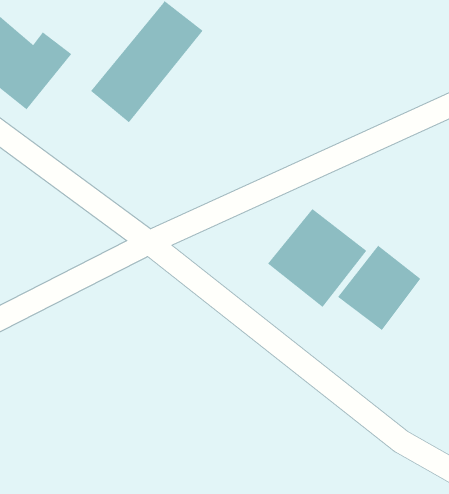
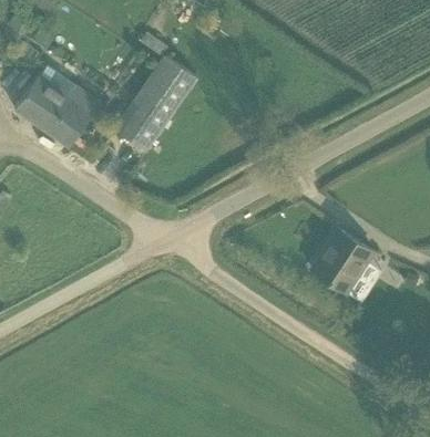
building: [267,208,367,308] -> none

